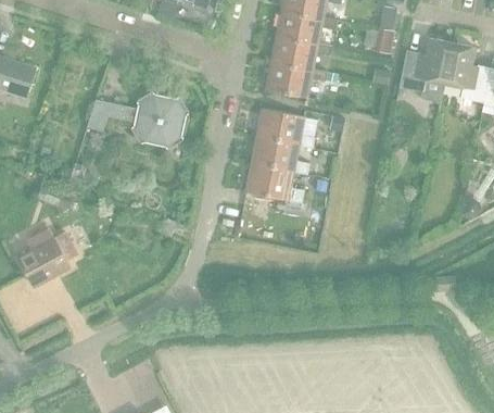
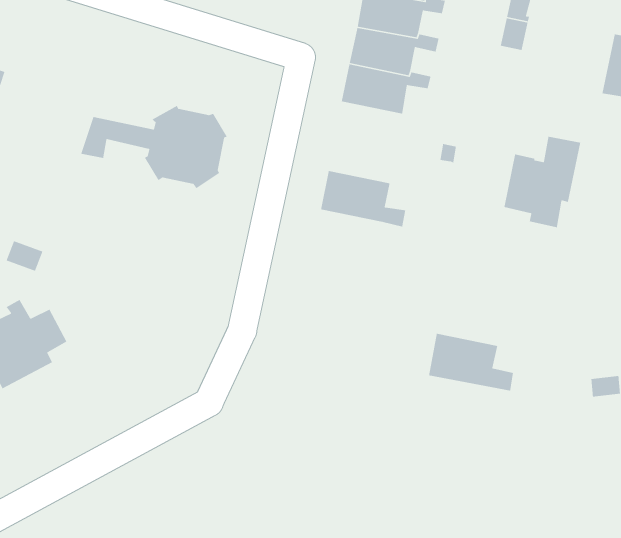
building: [397,38,451,101] -> [503,136,581,228]
building: [255,108,314,149] -> none
building: [244,163,303,203] -> [428,333,514,392]

